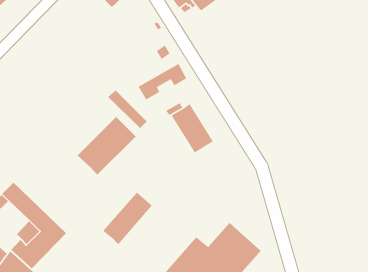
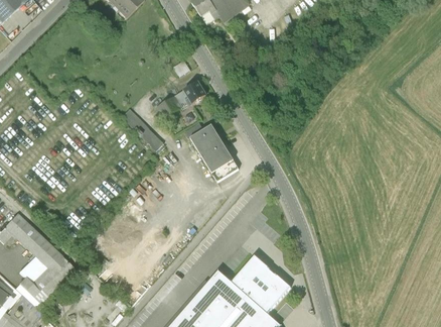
building: [77,116,136,176] -> none
building: [102,192,153,245] -> none

